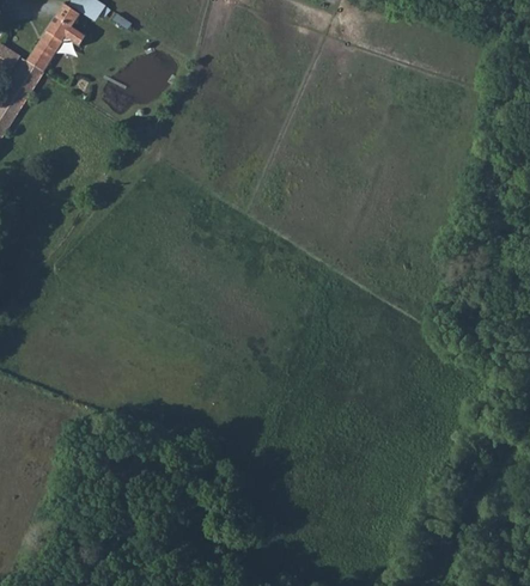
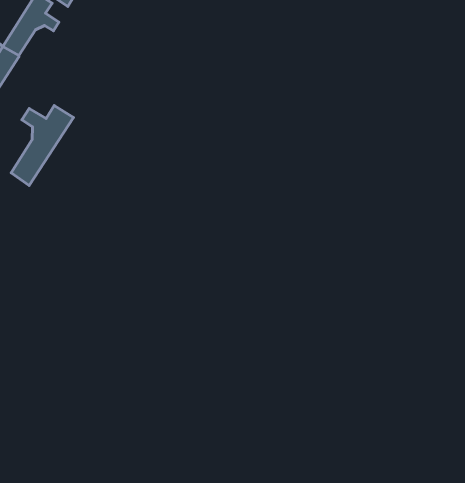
building: none -> [11,105,73,185]

